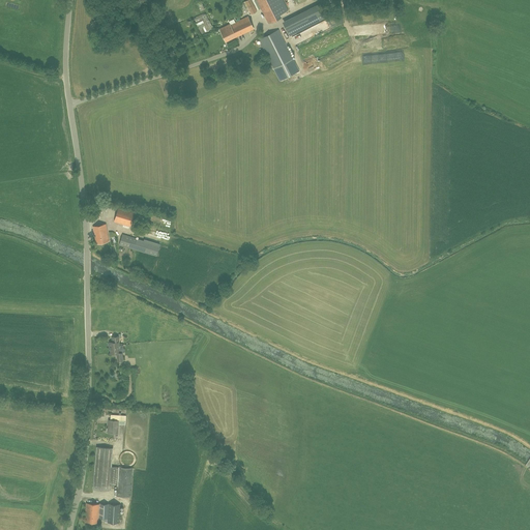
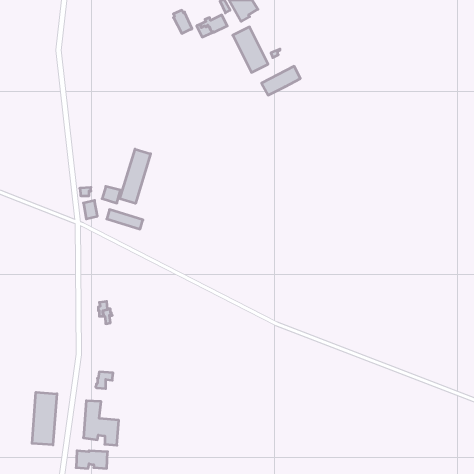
building: [283,4,326,36] -> [262,66,300,95]
building: none -> [120,149,151,203]
building: none -> [32,392,57,445]

